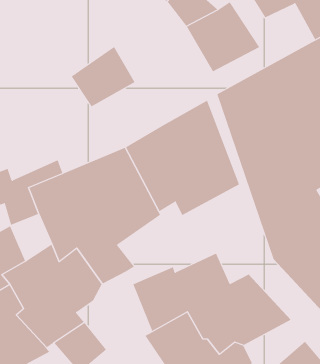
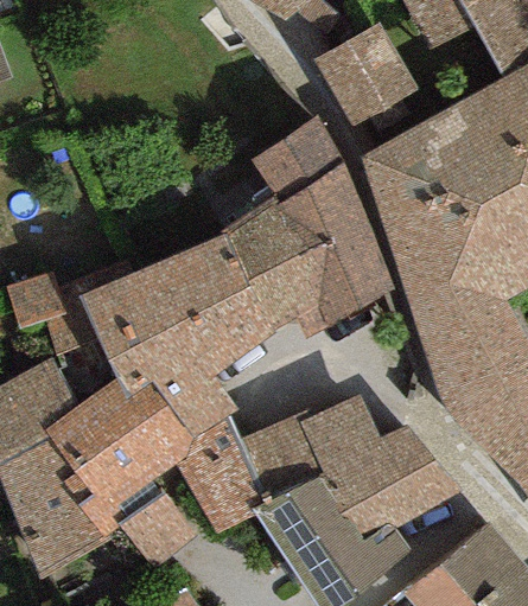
building: [71,46,135,107] -> [250,113,345,203]
building: none -> [178,419,263,532]

